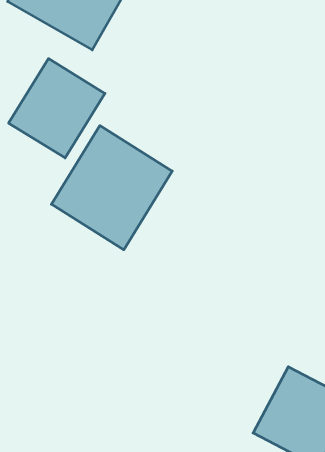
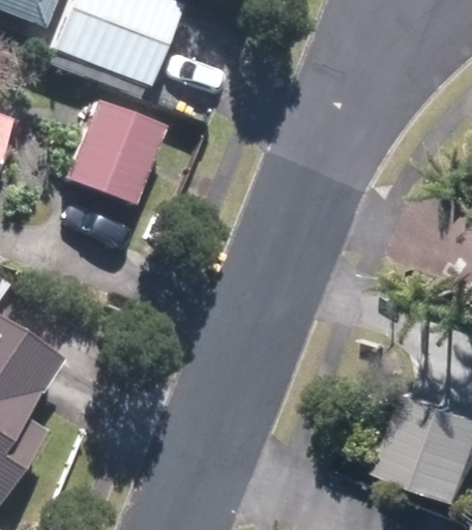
building: [51,126,172,250] -> none

